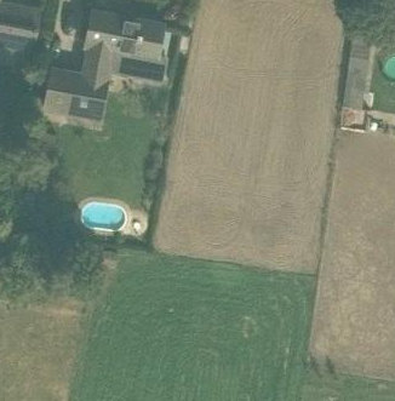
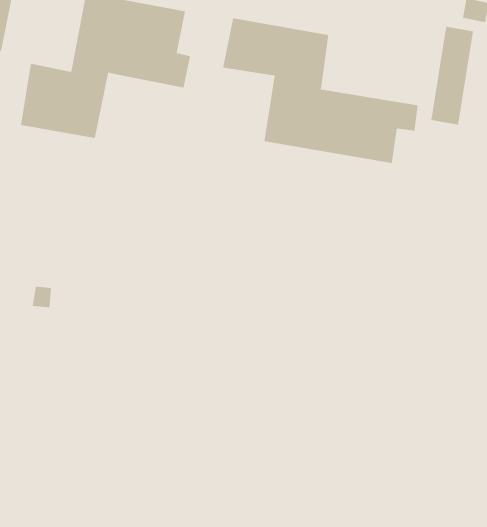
building: none -> [222,17,418,164]

